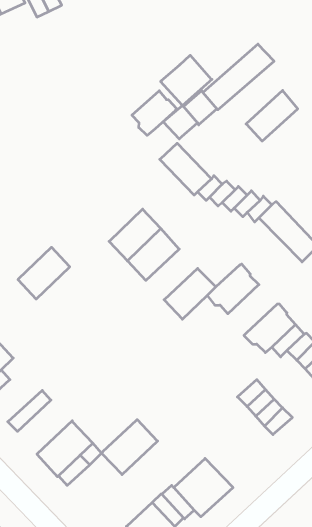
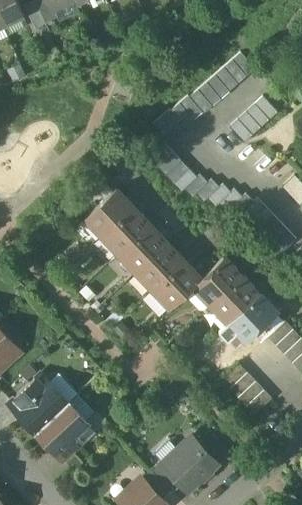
building: [161,55,212,106] -> none
building: [132,91,177,135] -> none
building: [18,247,70,299] -> [85,188,133,236]
building: none -> [136,243,184,290]
building: none -> [210,276,258,321]
building: [102,420,158,475] -> [16,382,68,433]

